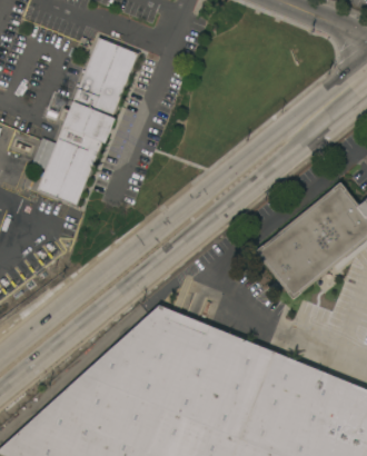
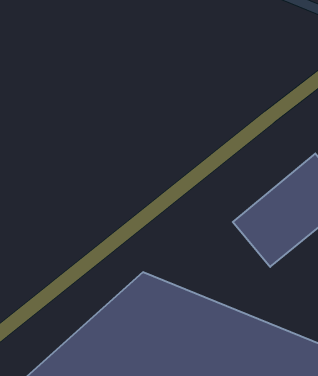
building: [32,34,141,208] -> none

